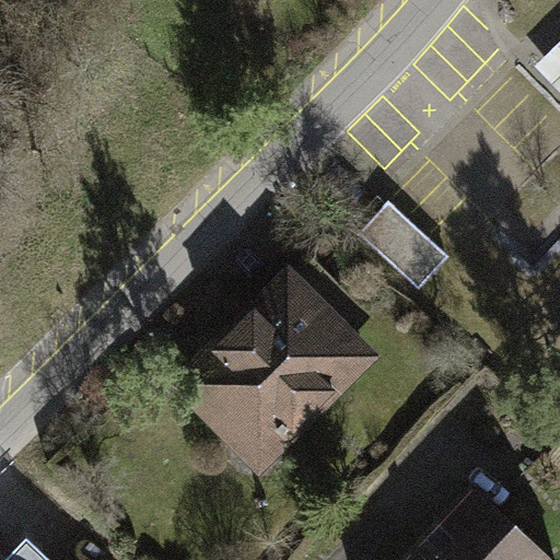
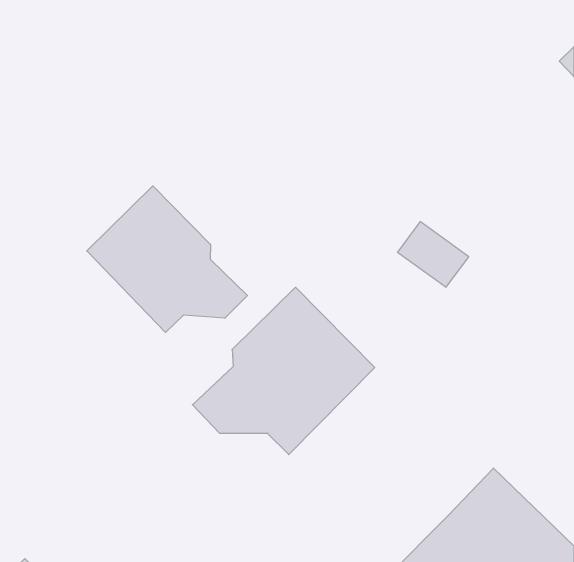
building: none -> [87,186,247,332]

